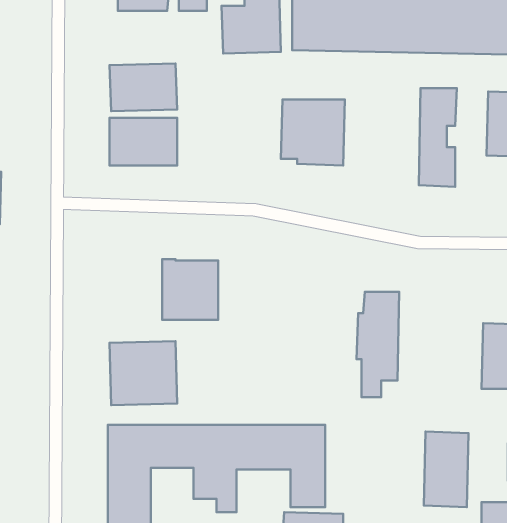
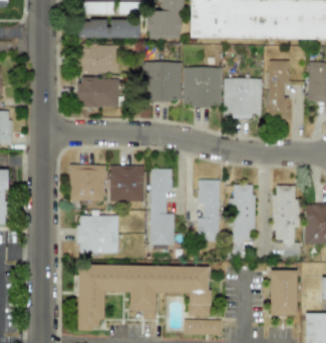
building: none -> [78,19,139,38]
building: none -> [141,61,182,102]
building: none -> [224,78,262,118]
building: none -> [70,164,105,201]
building: none -> [149,168,175,245]
building: none -> [198,180,220,241]
building: none -> [274,186,300,256]

